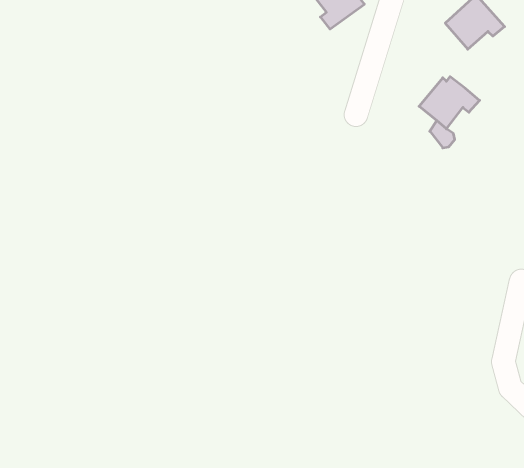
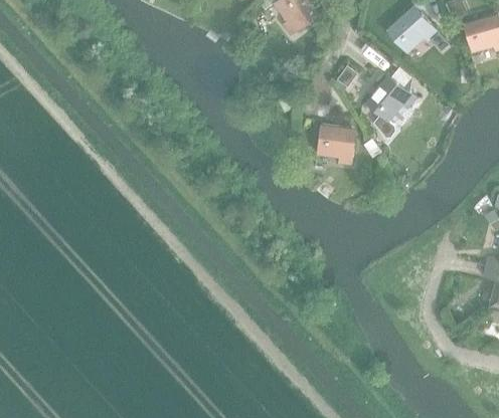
building: none -> [316,125,355,164]

